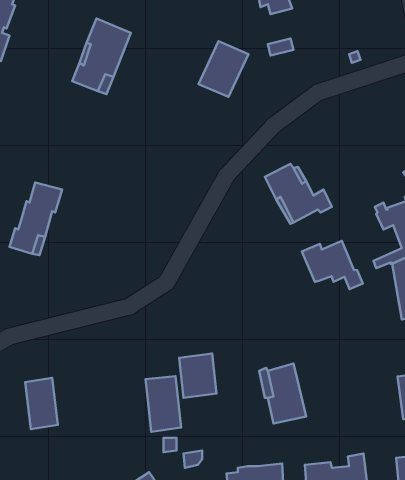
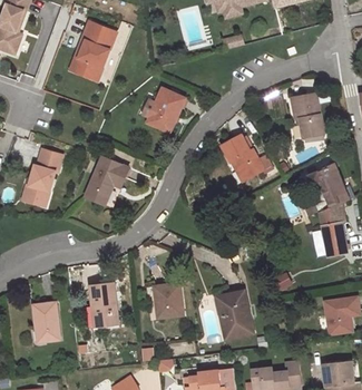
building: [199,41,249,97] -> [146,88,185,131]
building: none -> [291,92,324,138]
building: none -> [86,157,128,205]
building: [302,241,363,289] -> none
building: [145,376,181,432] -> [90,283,118,326]

